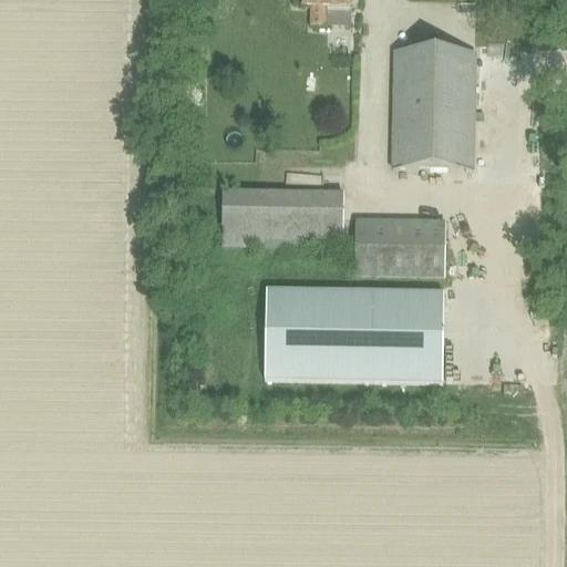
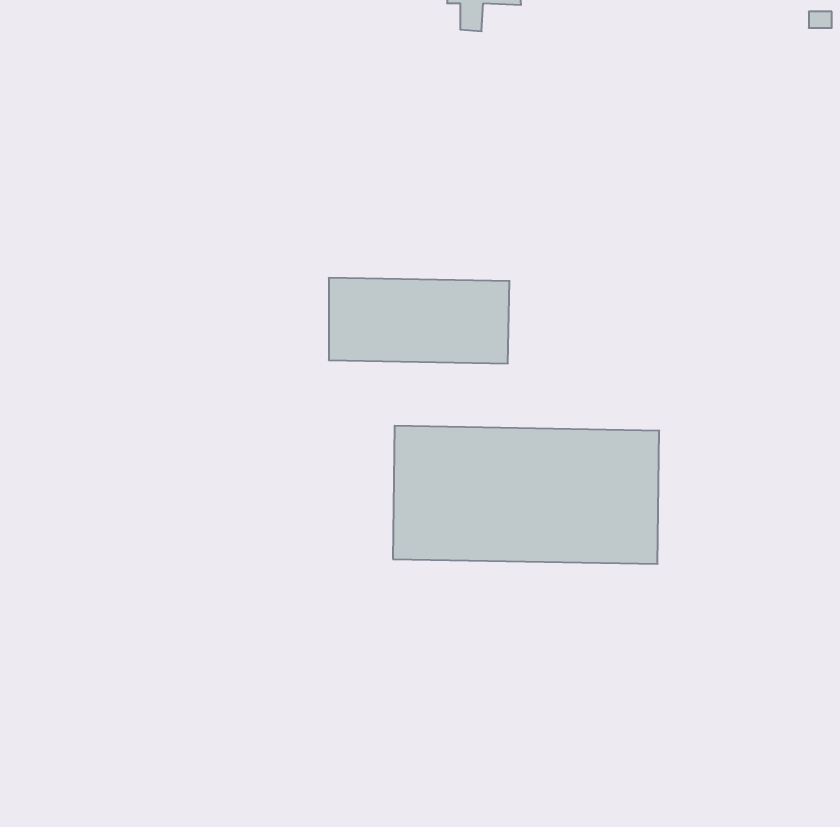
building: [392,48,475,166] -> none
building: [354,214,446,274] -> none

